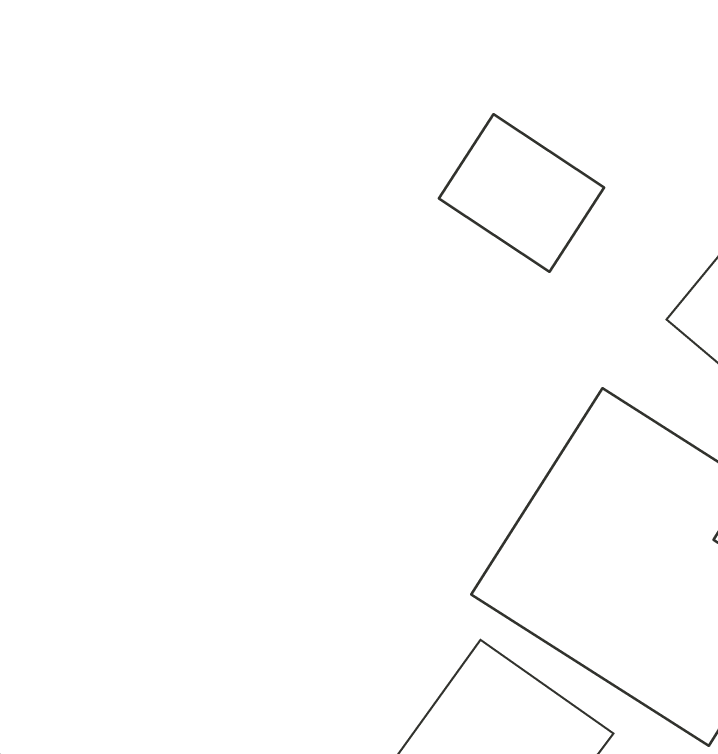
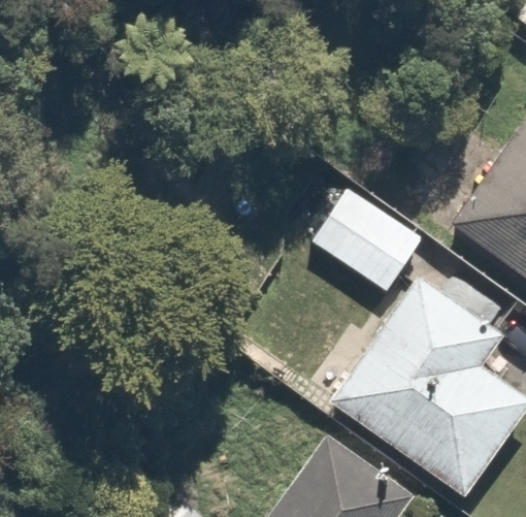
building: [439,114,604,272] -> [309,190,419,294]

